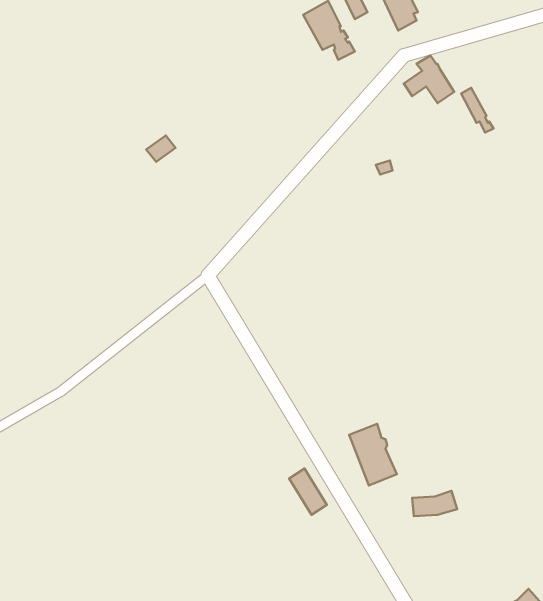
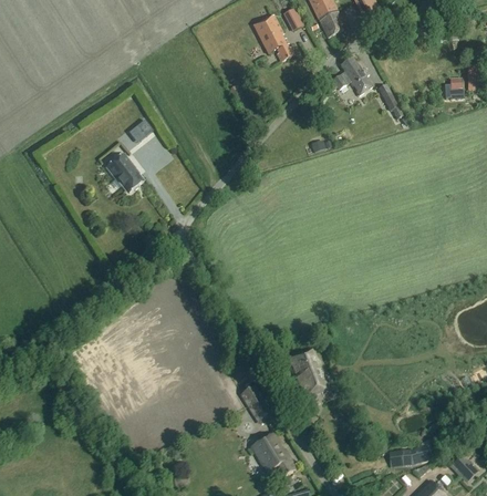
building: none -> [105,153,143,194]
building: [412,491,457,516] -> [392,446,427,466]
building: none -> [250,432,296,478]

